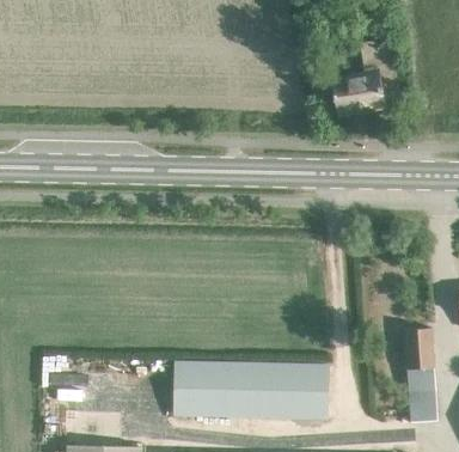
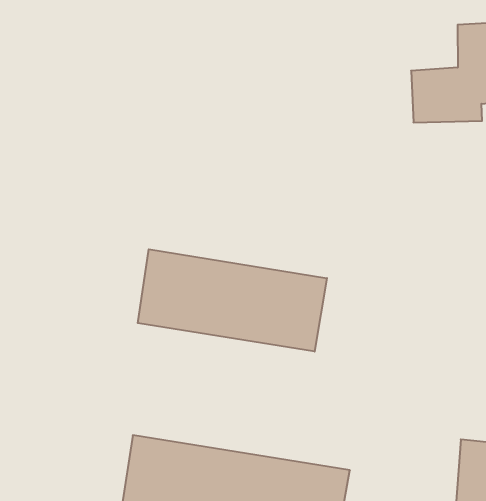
building: none -> [138,249,327,352]

